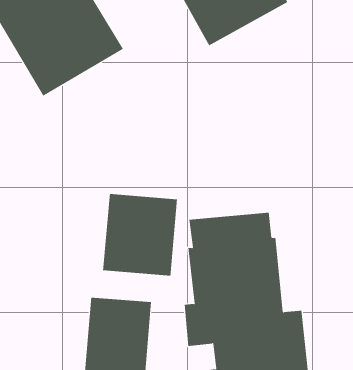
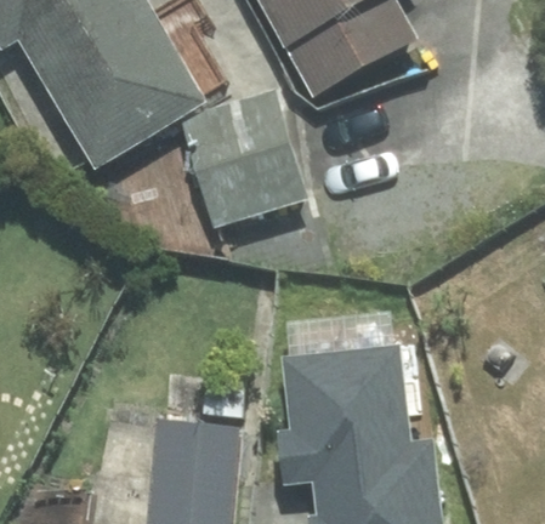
building: none -> [184,95,308,228]
building: [103,193,178,276] -> none

